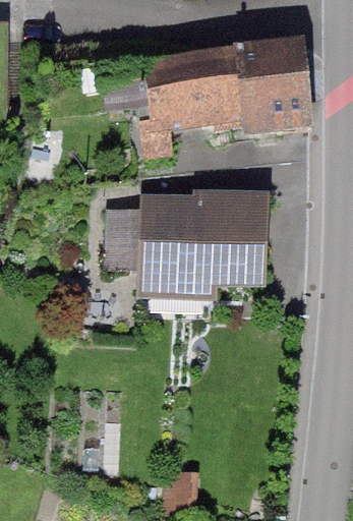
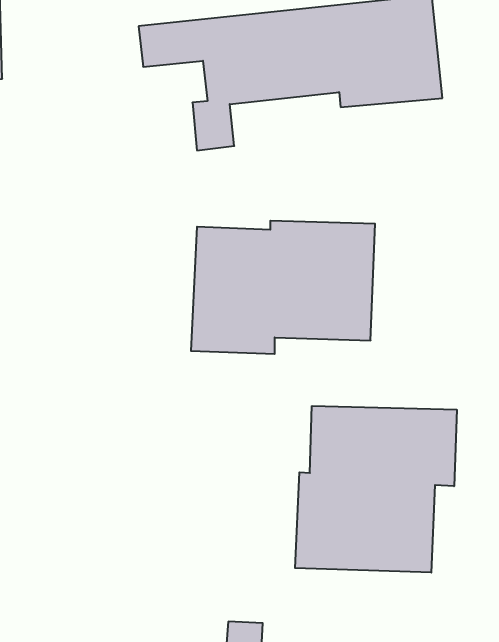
building: none -> [295,406,457,573]

